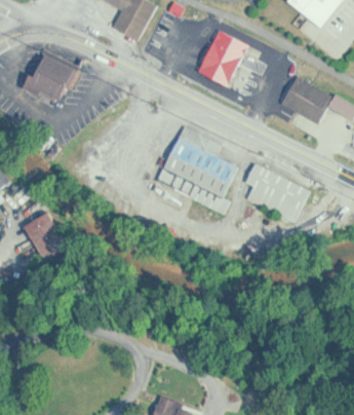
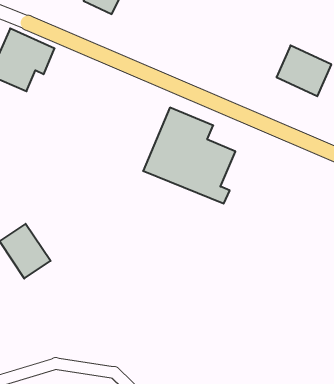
building: [196,34,246,91] -> none
building: [244,159,311,219] -> none

